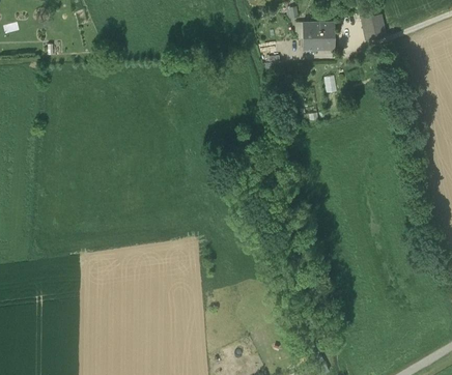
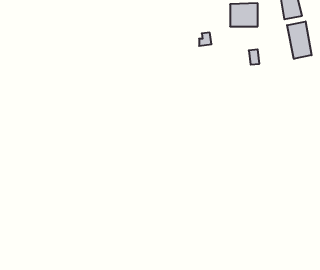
building: none -> [287,21,312,59]

